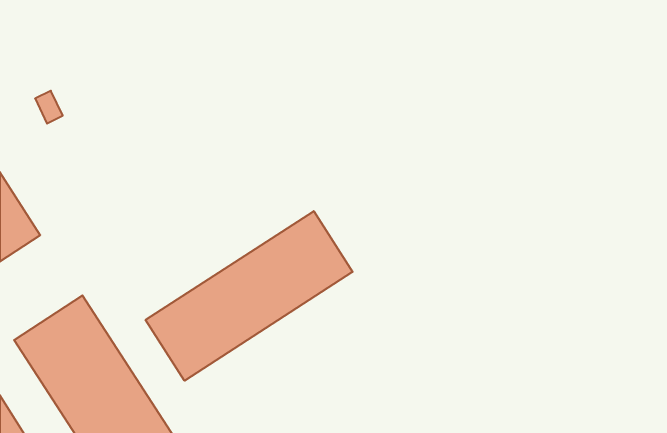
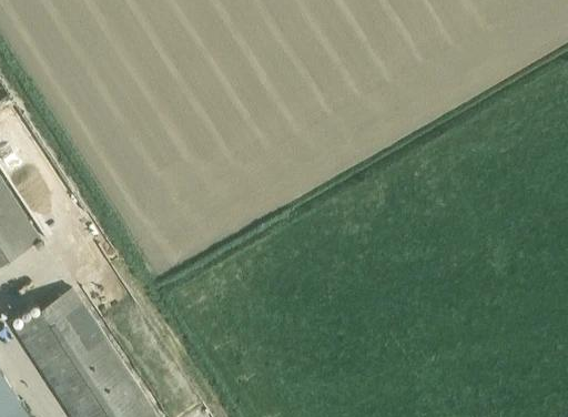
building: [146,211,353,381] -> none

